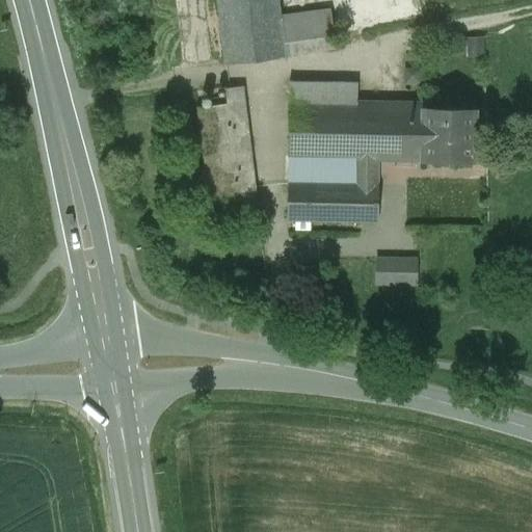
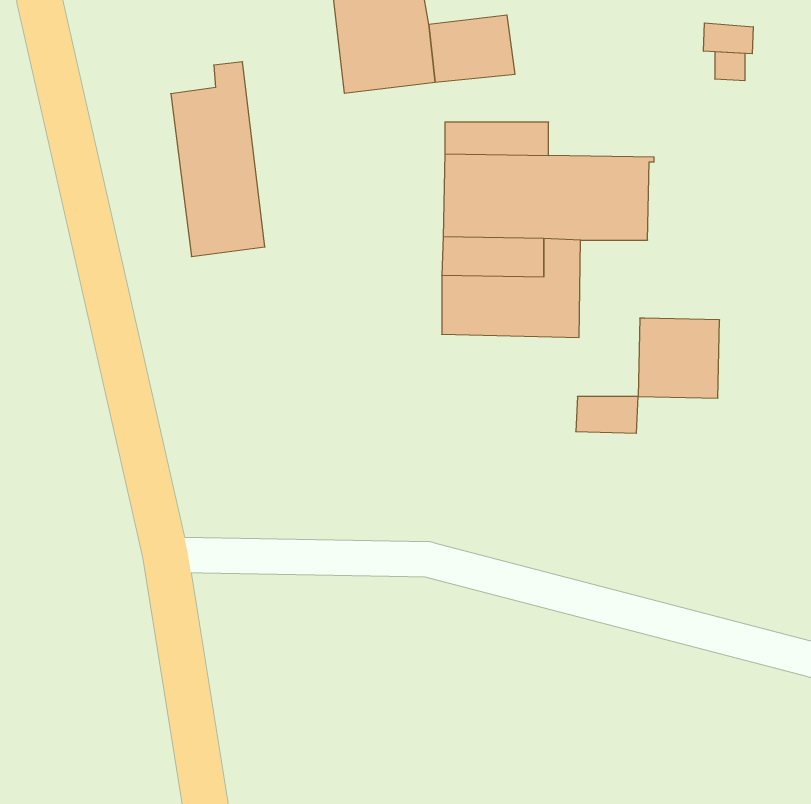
building: none -> [704,23,753,54]
building: [197,86,259,213] -> [171,62,265,257]
building: [423,107,476,159] -> [638,318,720,398]

